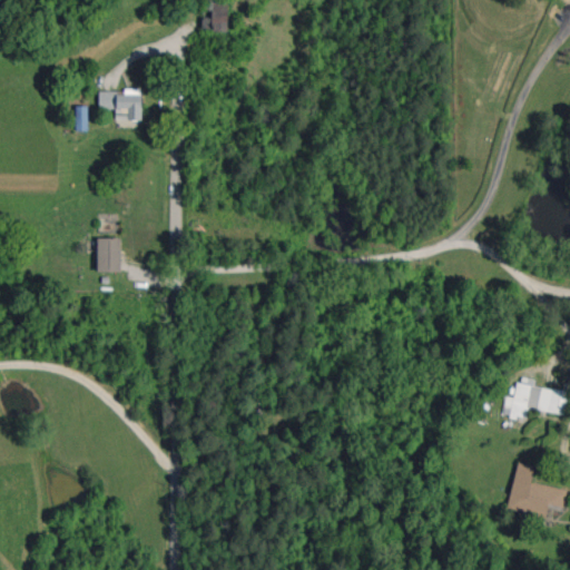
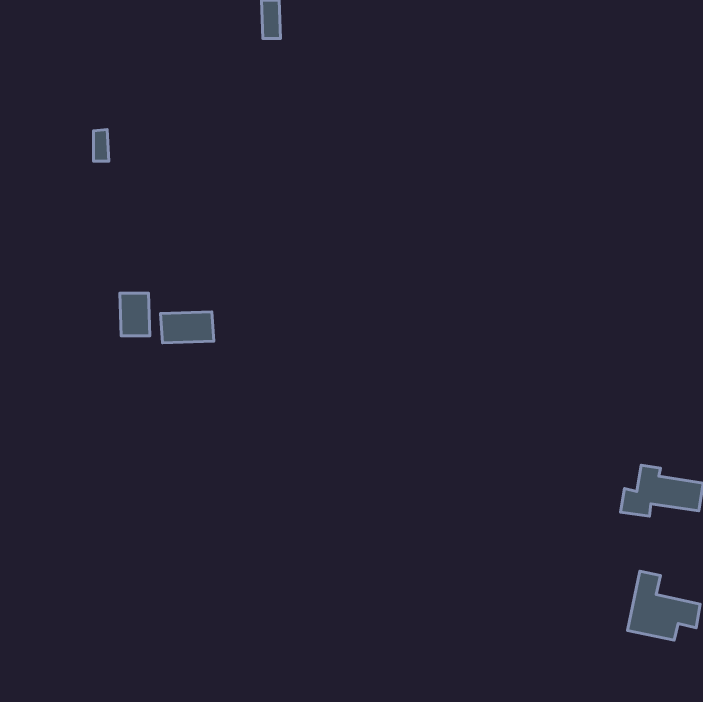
building: [99,90,141,120] -> none
building: none -> [160,312,214,343]

